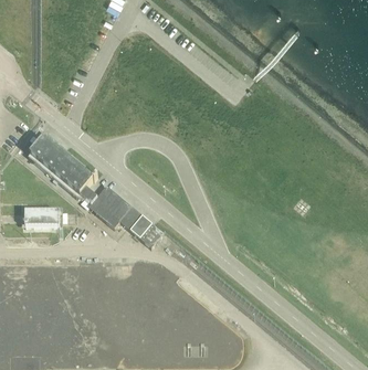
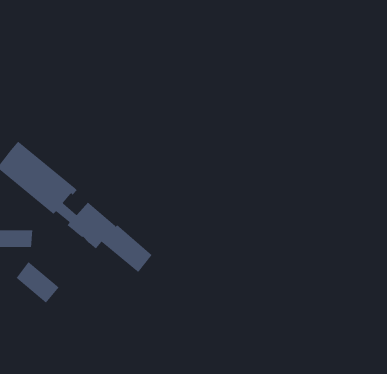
building: none -> [16,261,60,303]

